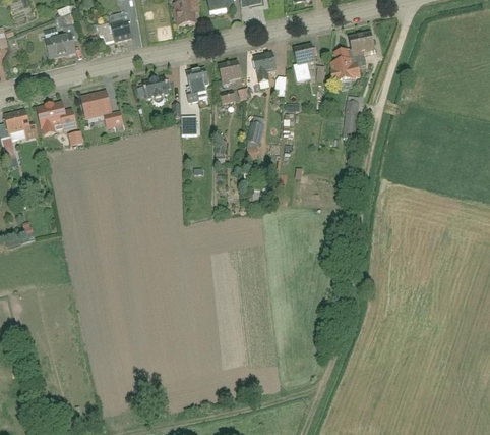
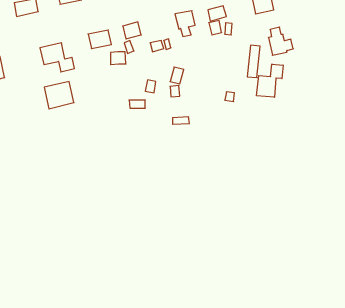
building: [330,48,362,84] -> [268,27,293,55]
building: [219,59,242,81] -> none
building: [38,101,75,135] -> [44,82,74,109]
building: none -> [257,64,283,97]

